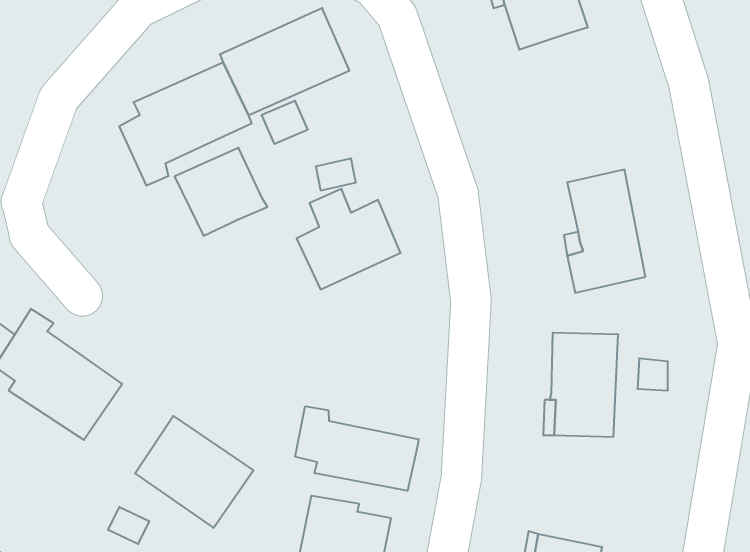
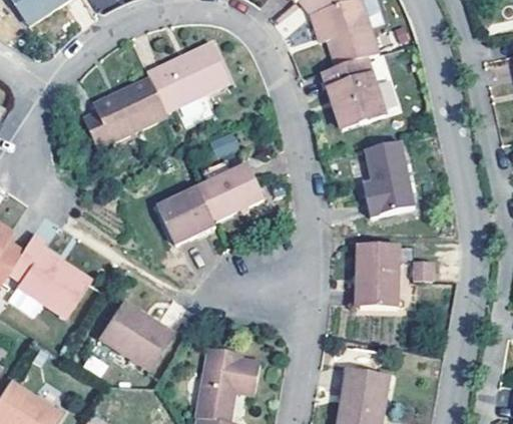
building: none -> [325,58,387,131]
building: [175,148,267,236] -> [158,186,216,242]
building: [295,406,419,491] -> none

